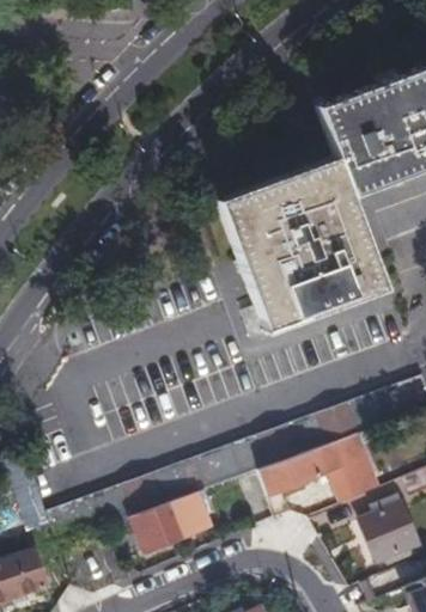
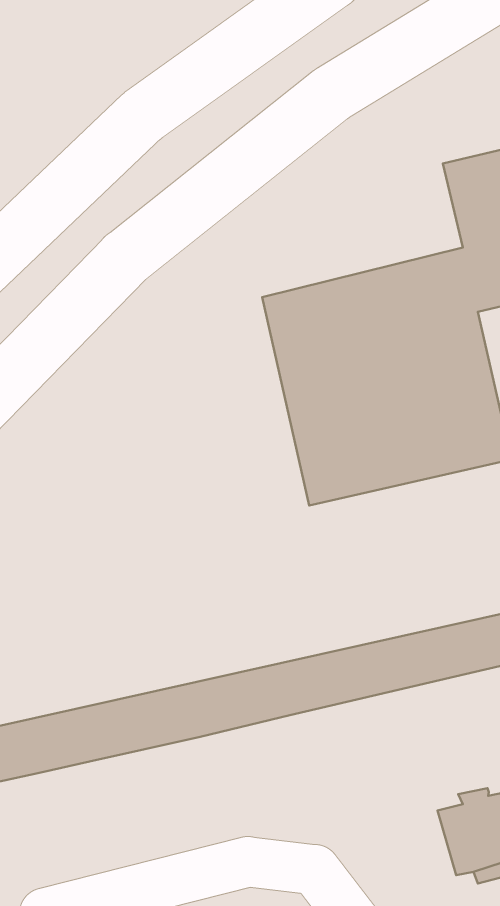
building: [260,432,381,515] -> none
building: [136,489,217,550] -> none

